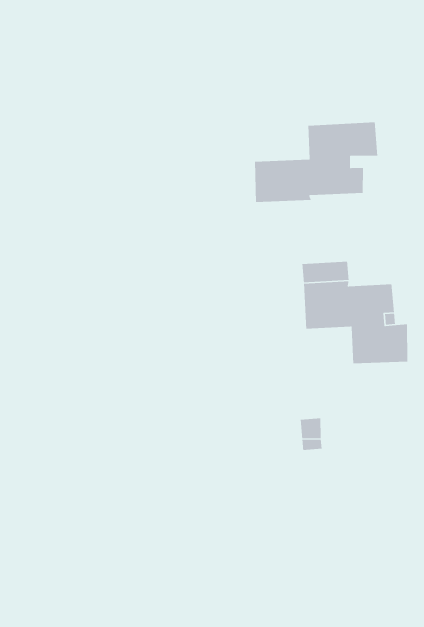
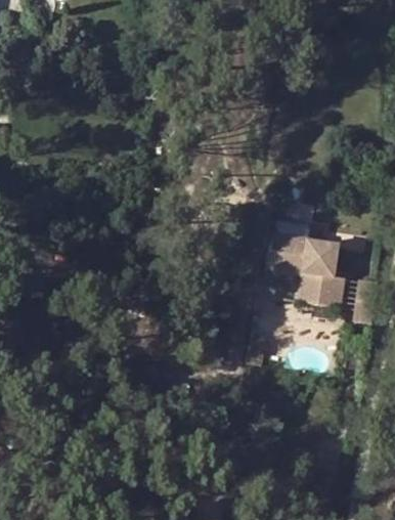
building: [254,121,378,203] -> none

